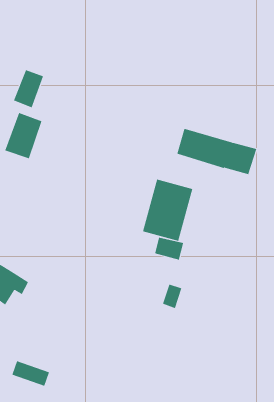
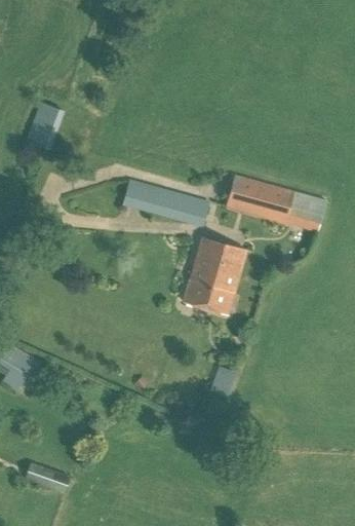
building: [5,112,42,159] -> none
building: none -> [122,180,208,226]
building: [154,237,184,260] -> none

